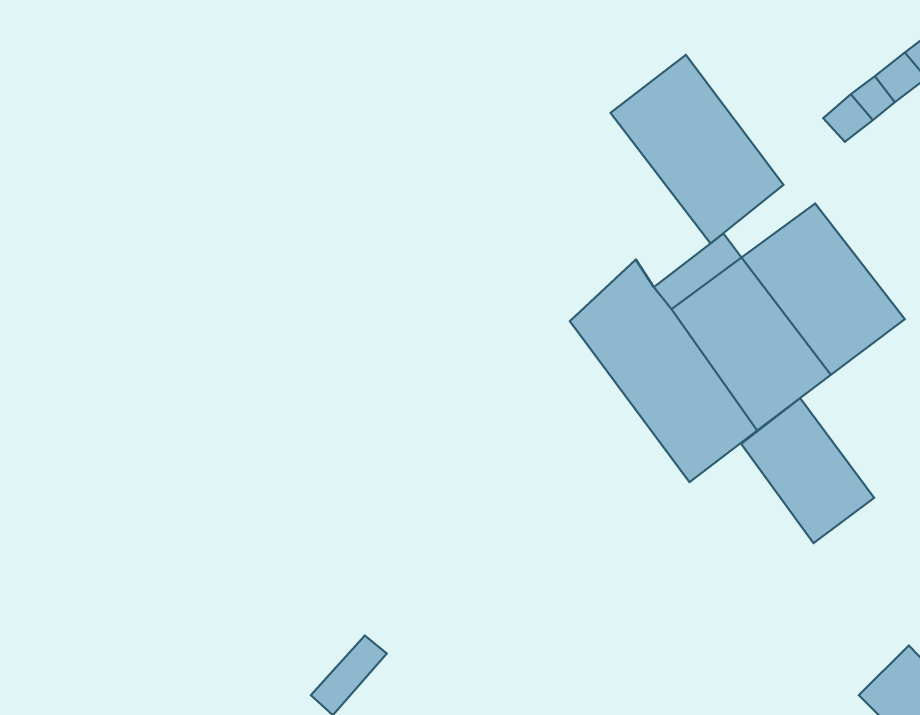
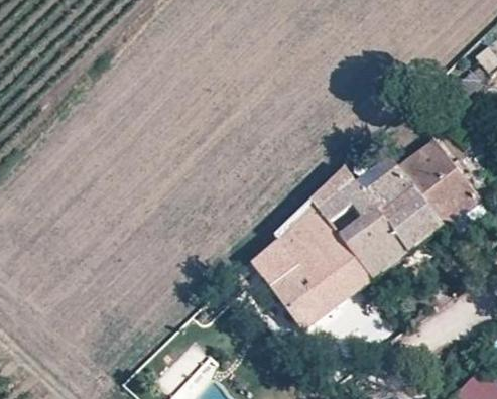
building: [611,55,784,243] -> none
building: none -> [250,198,371,330]
building: [741,398,874,543] -> none

